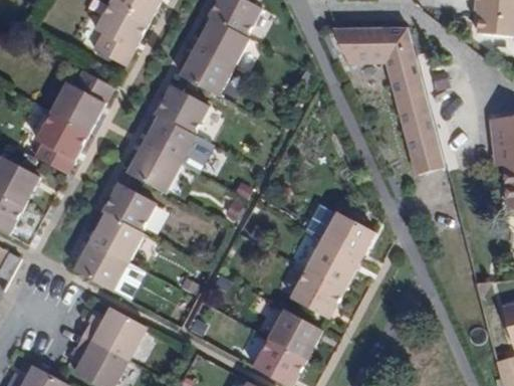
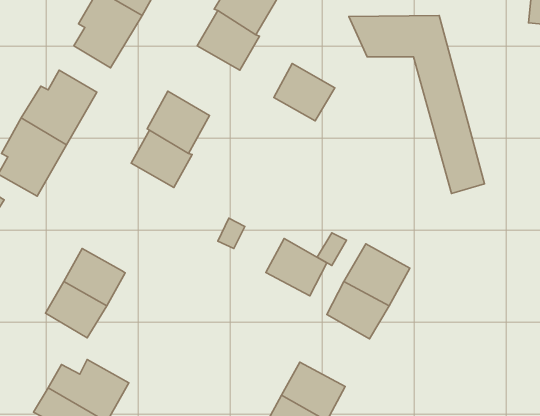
building: [185,49,235,96] -> [274,63,335,121]
building: [131,146,181,192] -> none
building: [101,184,155,234] -> none
building: [291,270,341,318] -> [266,238,327,296]

